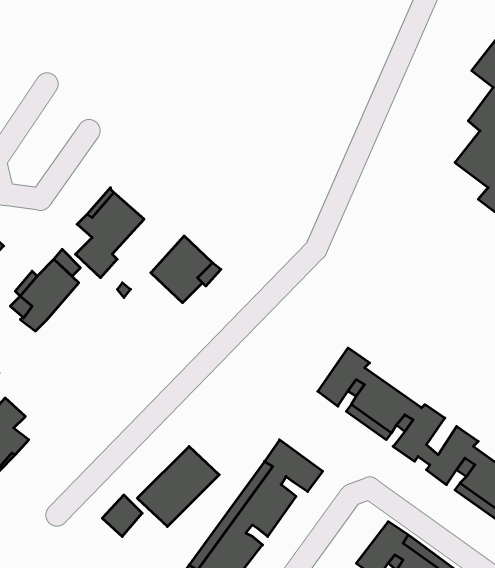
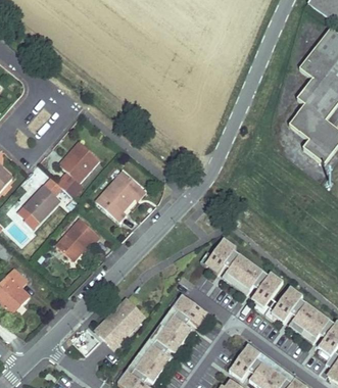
building: none -> [55,219,98,256]

